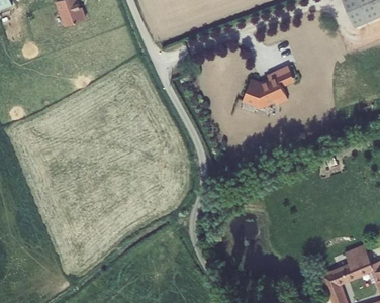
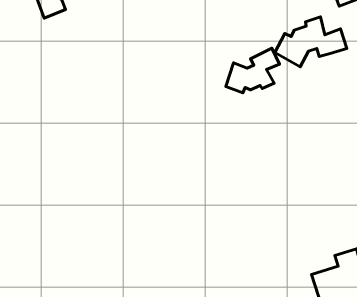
building: none -> [275,17,347,67]

